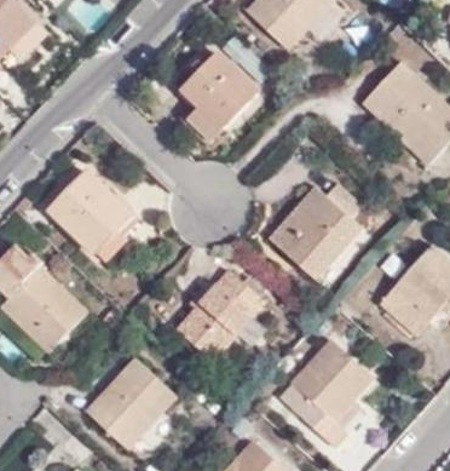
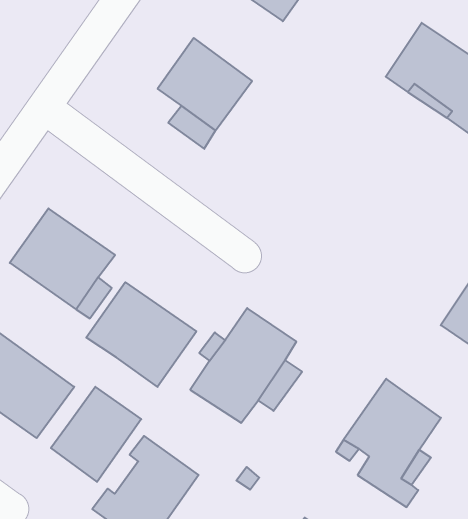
building: [270,184,360,280] -> none
building: none -> [86,282,196,387]
building: none -> [51,387,141,482]

